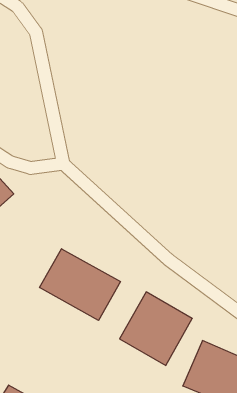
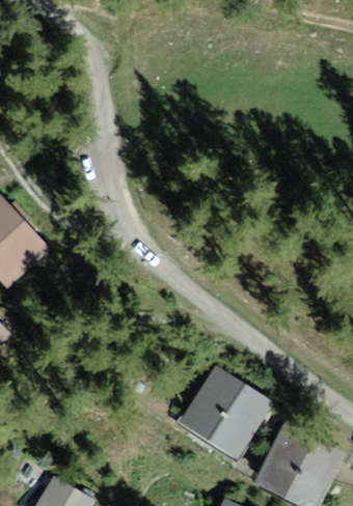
building: [40,249,120,320] -> none

